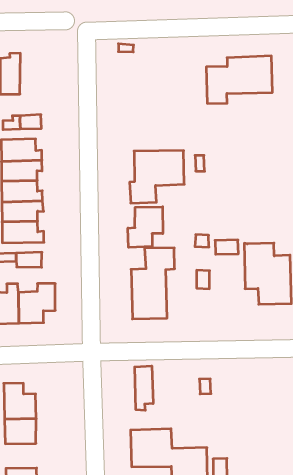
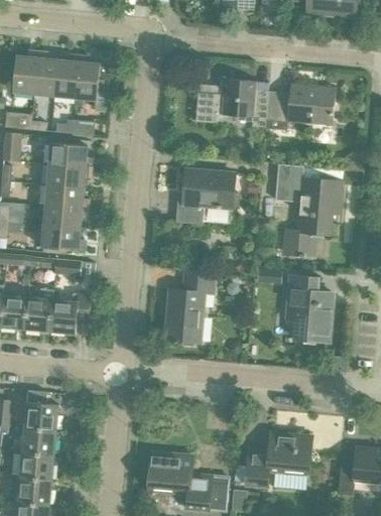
building: none -> [73,56,110,109]
building: none -> [196,78,268,128]
building: none -> [274,165,342,257]
building: [128,207,163,247] -> none
building: [135,366,153,410] -> none
building: none -> [246,431,312,491]
building: none -> [20,452,53,480]

